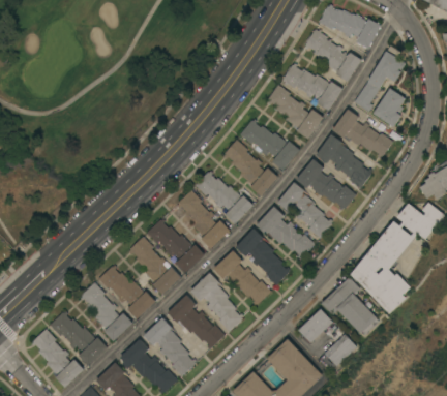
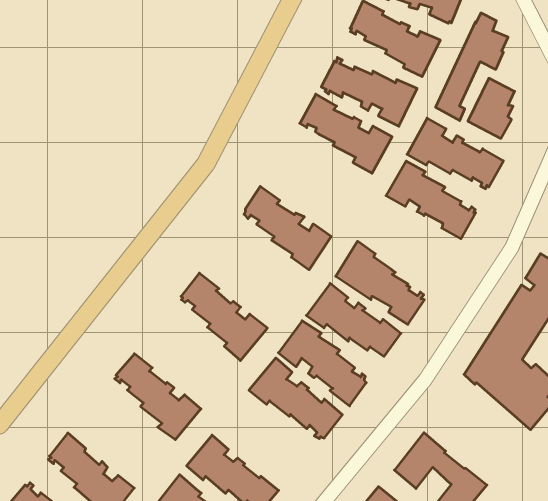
building: [238,119,298,171] -> none
building: [295,159,355,210] -> none
building: [193,171,252,224] -> none
building: [145,219,203,274] -> none
building: [97,265,154,319] -> none
building: [189,272,242,331] -> none
building: [322,278,379,336] -> none

